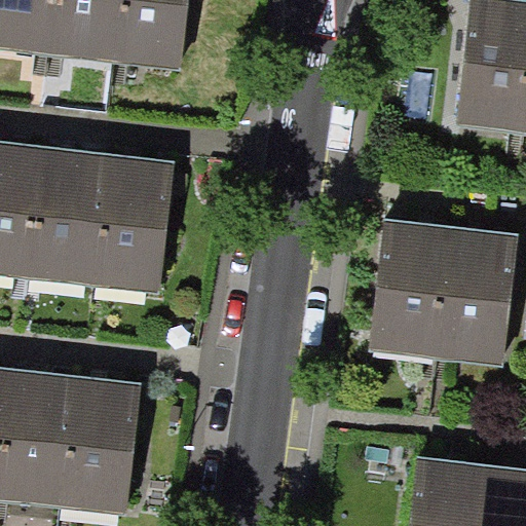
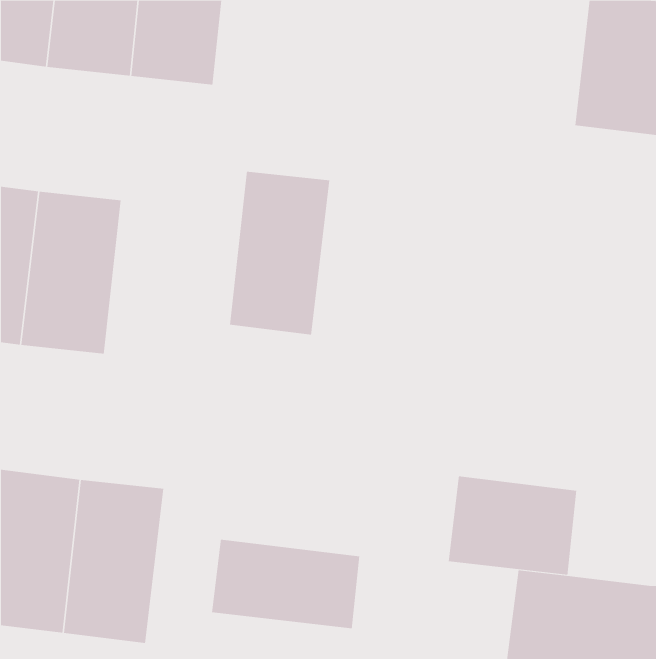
building: [86,160,166,291] -> [229,171,330,335]
building: [372,217,517,344] -> none
building: none -> [448,476,577,575]
building: none -> [211,539,360,629]

